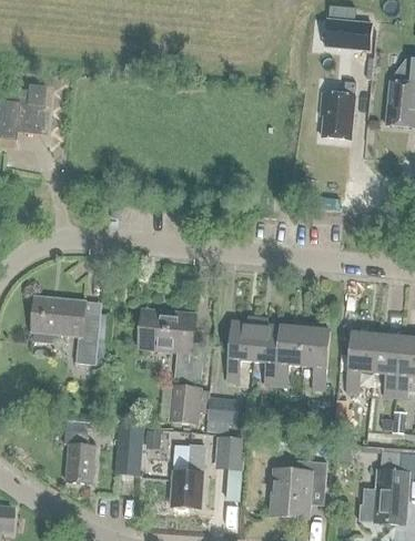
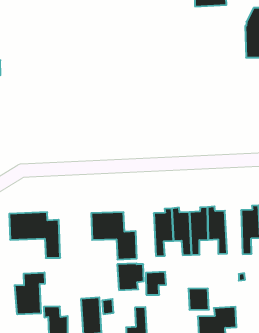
building: [321,81,356,140] -> none
building: none -> [15,272,45,314]
building: [215,437,244,469] -> [188,289,209,310]

